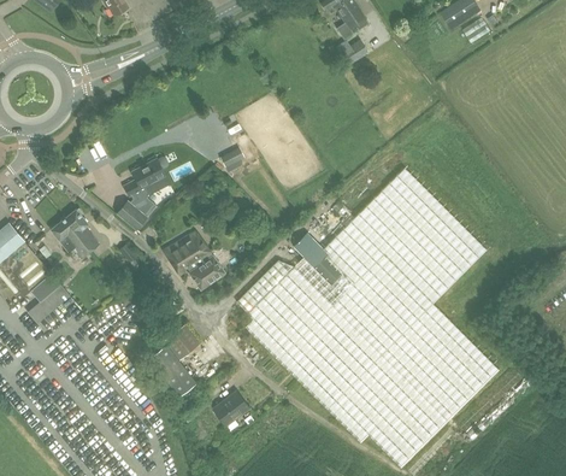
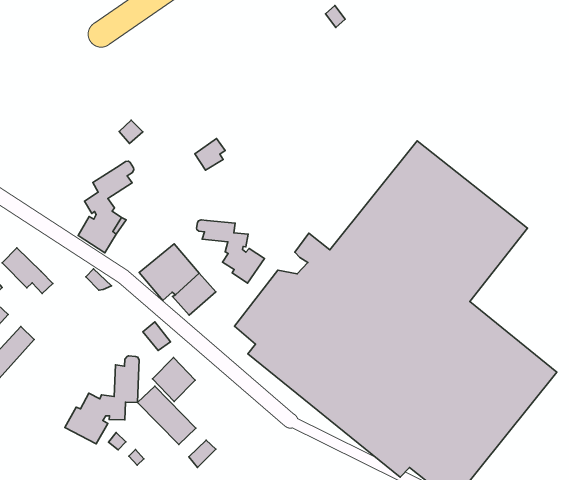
building: [64,207,99,251] -> none
building: none -> [196,220,264,283]
building: none -> [65,356,139,444]
building: [213,390,248,424] -> none

